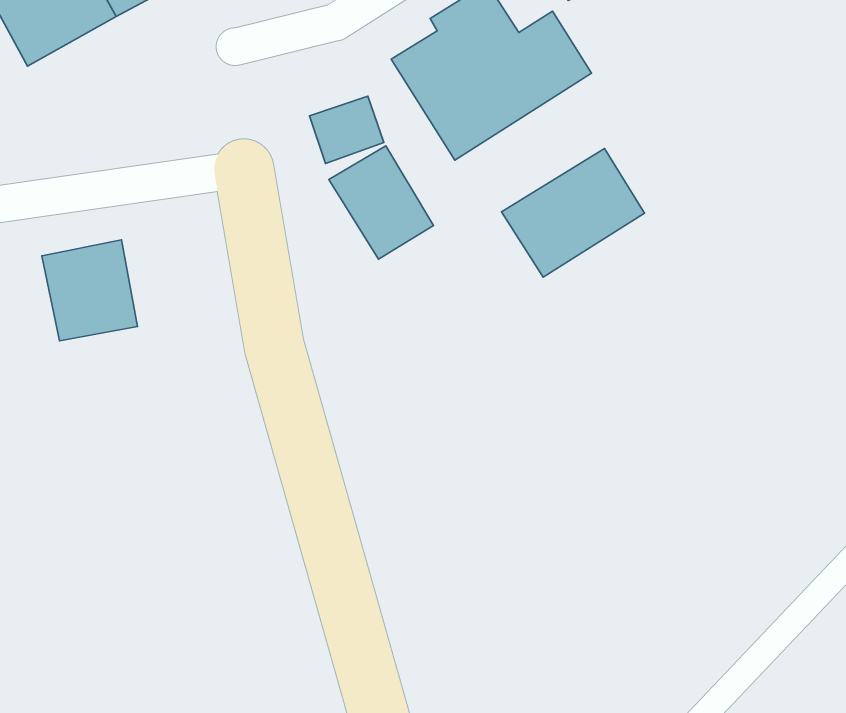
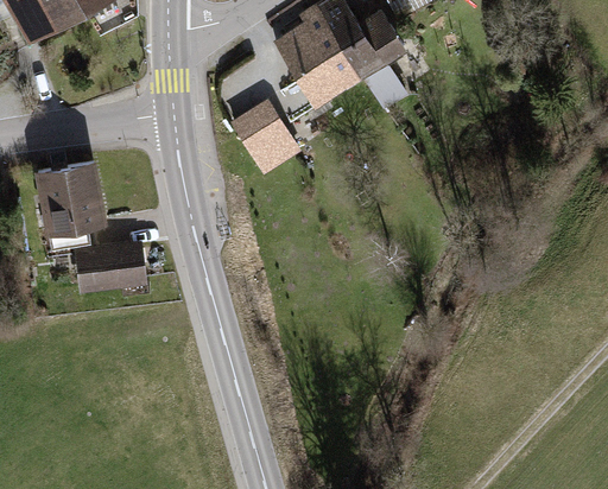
building: [501,149,645,277] -> none
building: none -> [78,248,144,290]

